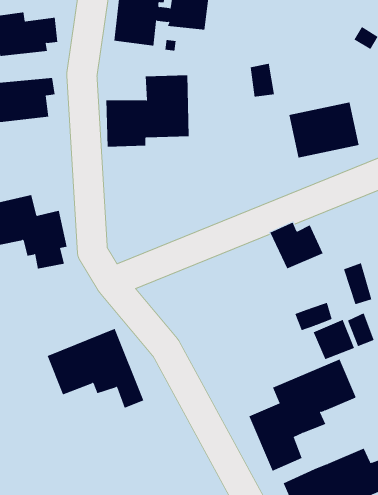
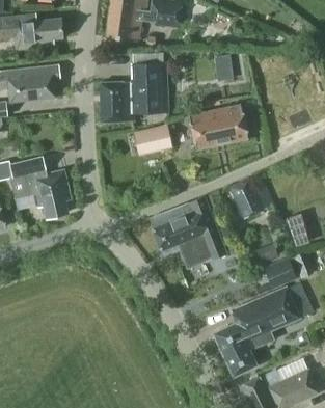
building: [289,102,359,158] -> [190,105,246,149]
building: none -> [135,124,172,156]
building: [47,328,144,408] -> [150,197,226,261]

